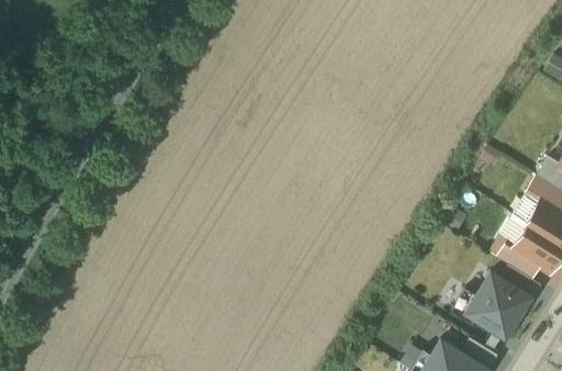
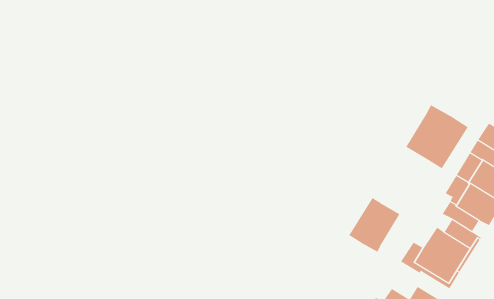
building: none -> [406,105,468,169]
building: none -> [349,197,400,252]

